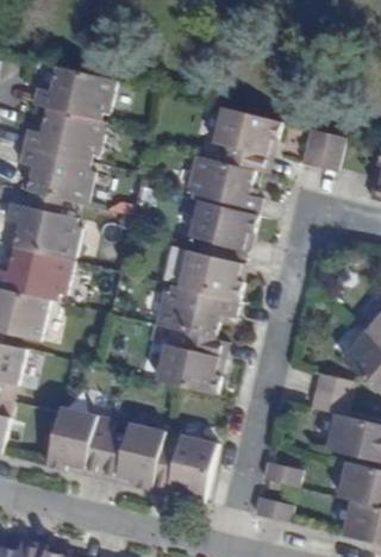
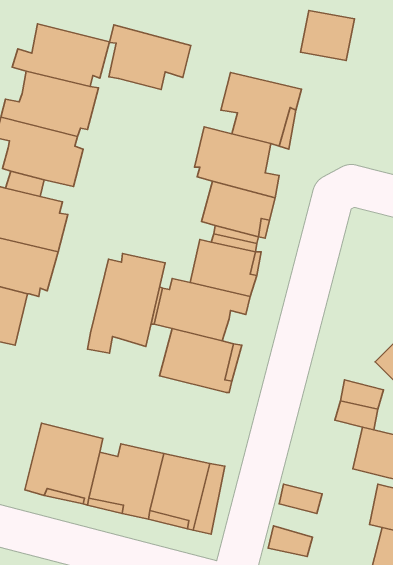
building: none -> [109,25,191,89]
building: [295,127,342,170] -> [300,11,355,61]
building: none -> [88,254,165,353]

